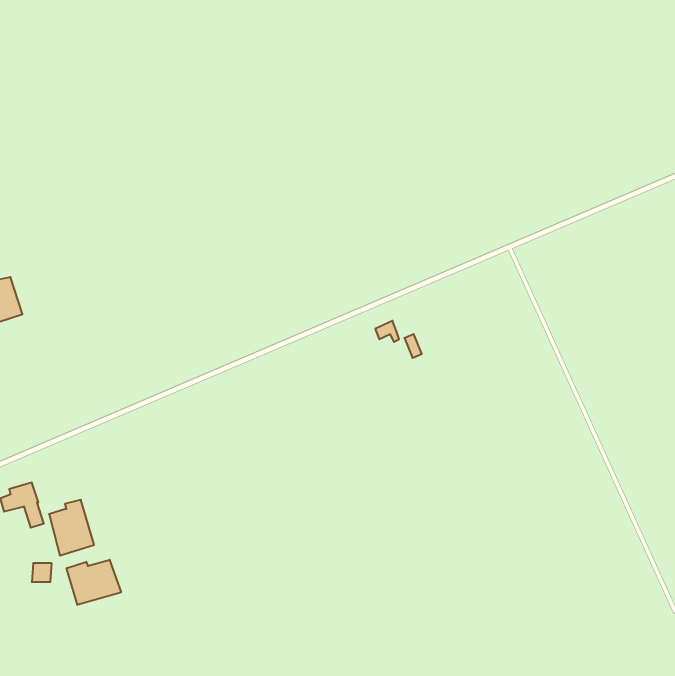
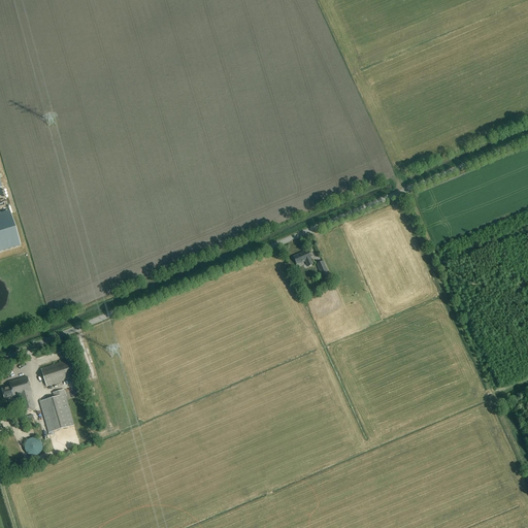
building: none -> [39,358,74,386]
building: [67,560,121,605] -> none

